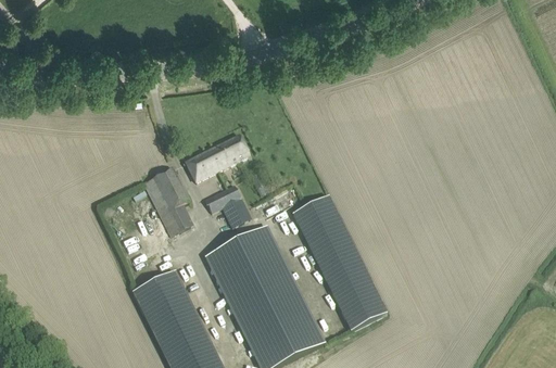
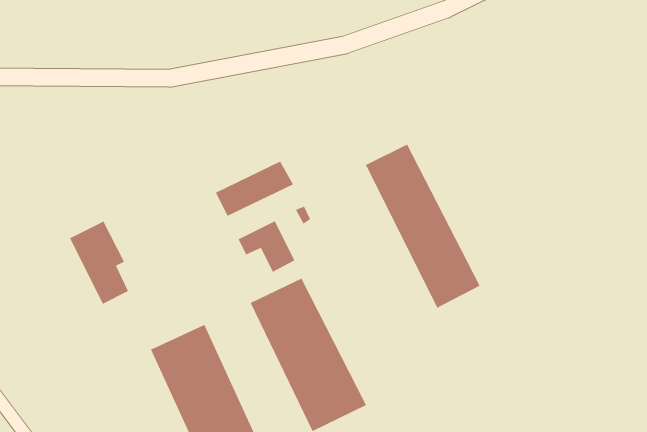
building: [144,167,193,236] -> [69,221,129,305]
building: [292,195,387,330] -> [365,144,481,309]

